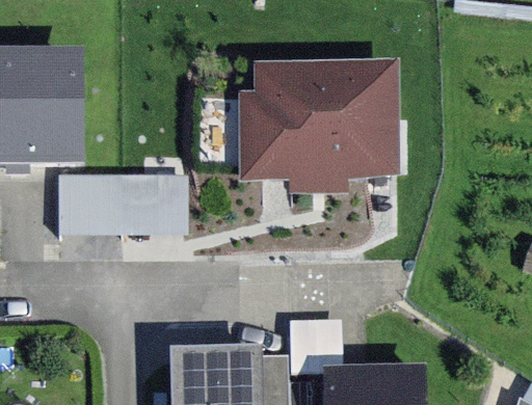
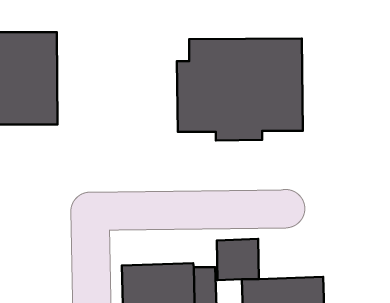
building: [56,170,188,234] -> none

